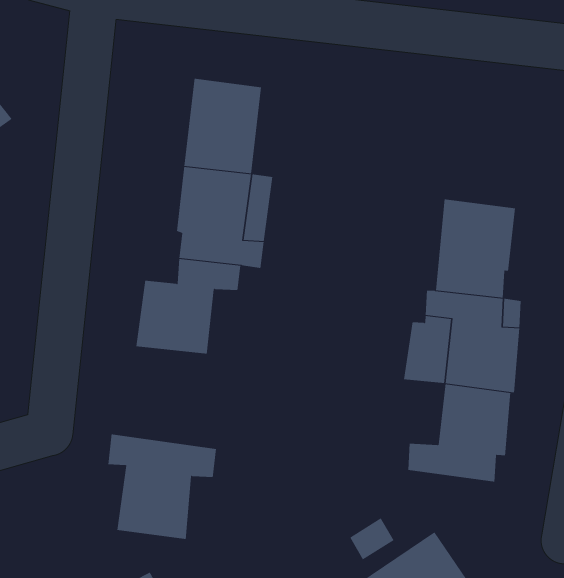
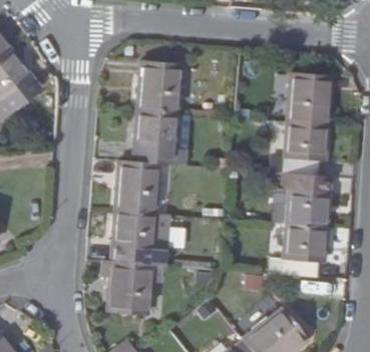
building: none -> [283,73,326,126]
building: none -> [114,215,168,269]

